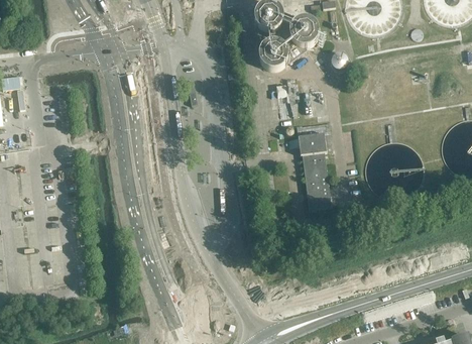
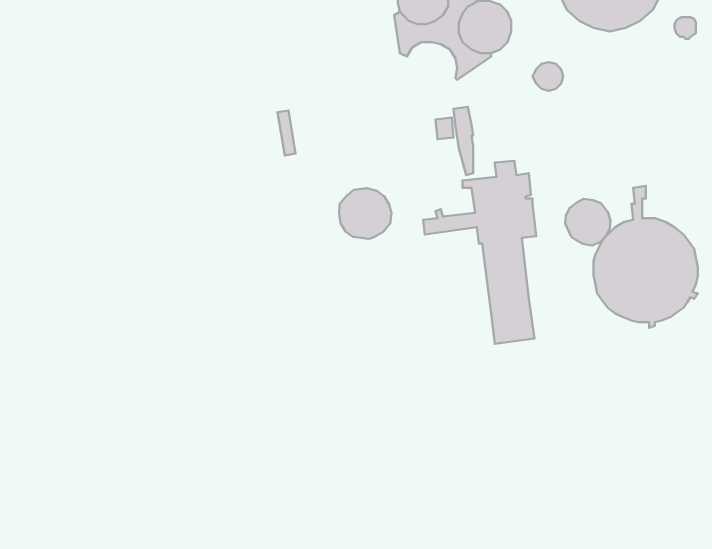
building: [256,41,286,71] -> none
building: none -> [339,188,392,239]
building: none -> [565,199,610,245]

